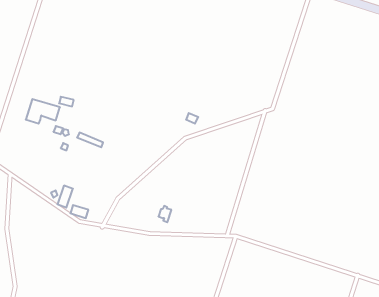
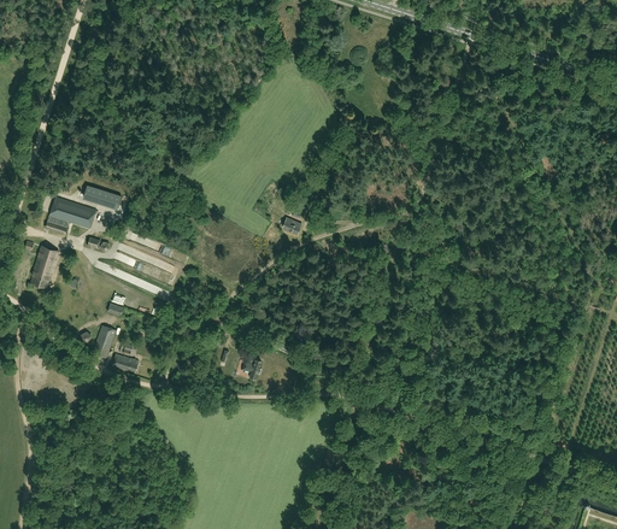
building: none -> [31,245,59,287]

